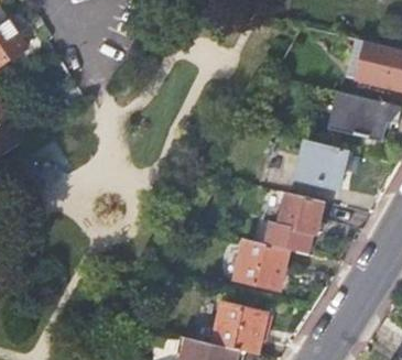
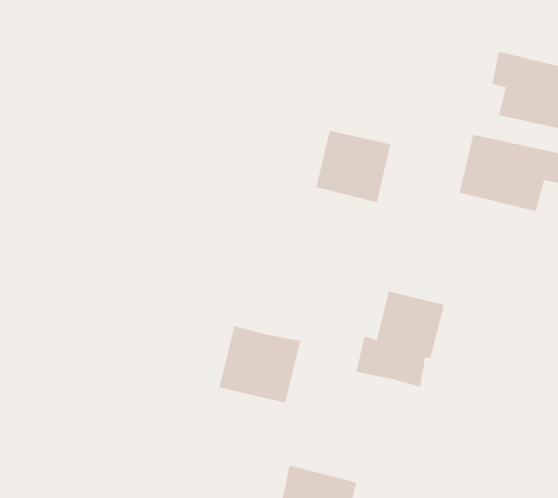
building: [296,141,345,187] -> [315,130,391,203]
building: [235,239,287,288] -> [218,325,301,403]

